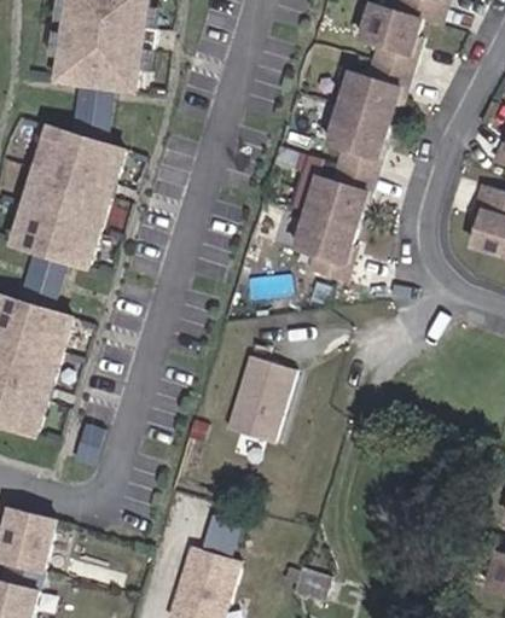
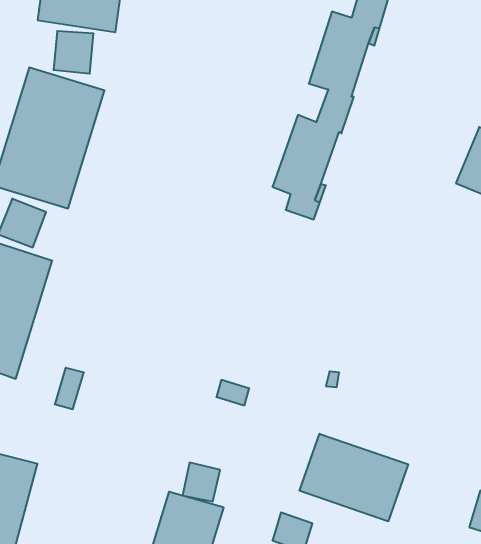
building: [225,354,294,441] -> none
building: none -> [300,434,408,521]

